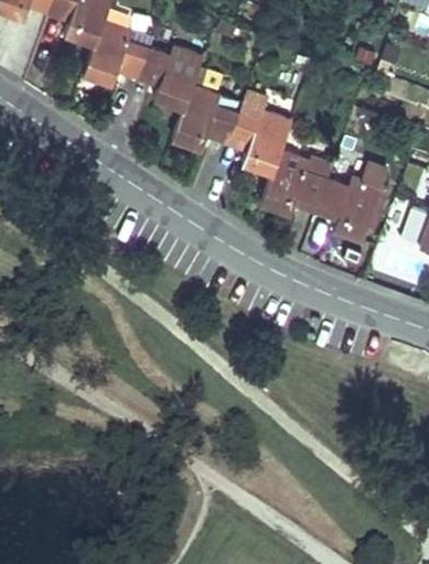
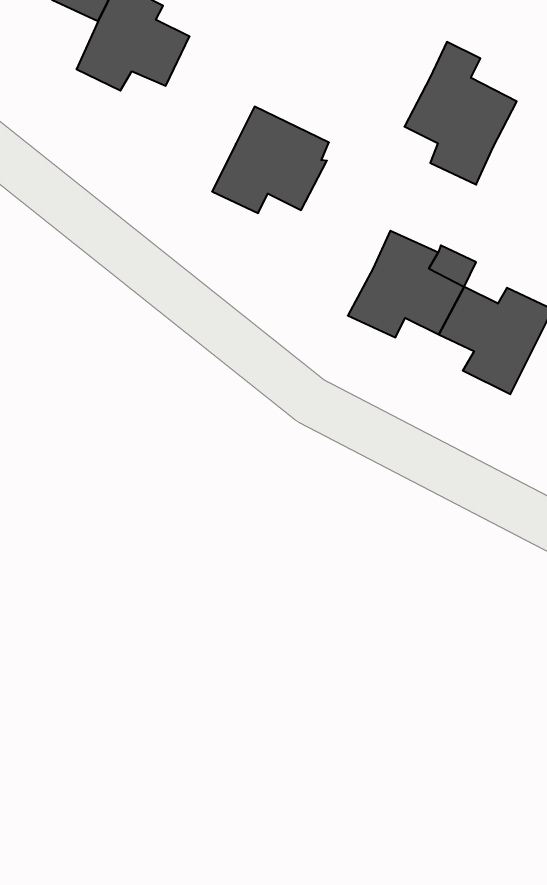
building: [138,47,203,109] -> none
building: [226,91,291,174] -> [404,42,517,185]

